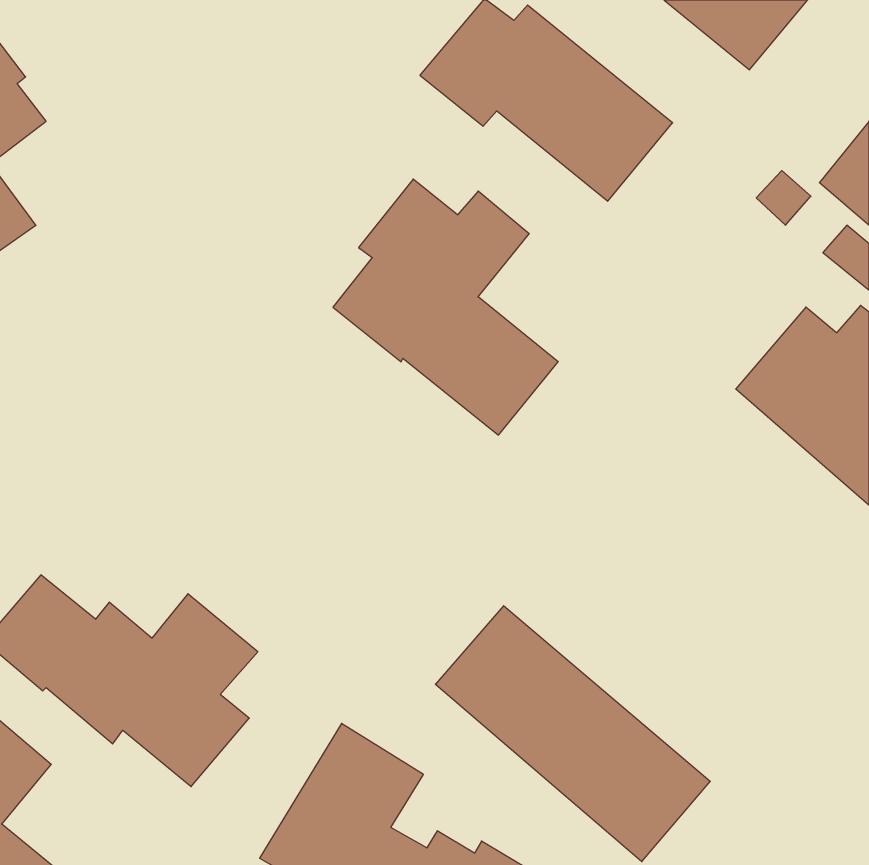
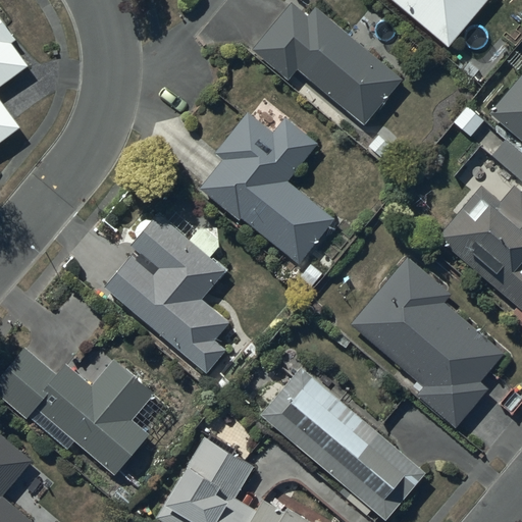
building: none -> [104,213,228,373]
building: none -> [351,258,504,427]

